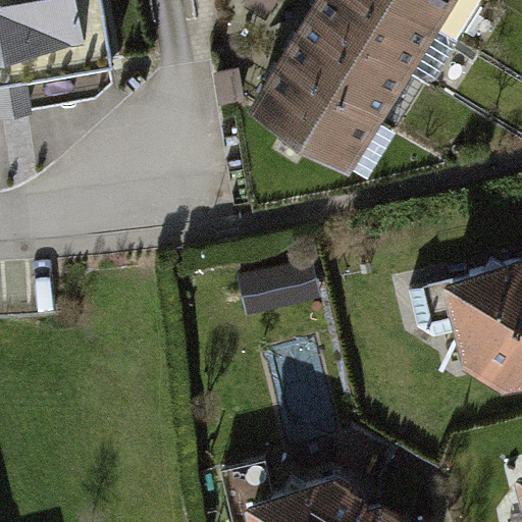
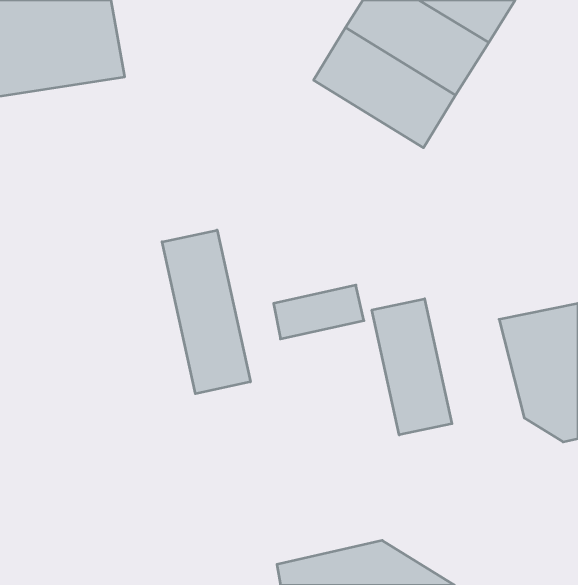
building: [250,71,377,178] -> none
building: none -> [162,230,250,394]
building: none -> [372,299,452,435]

